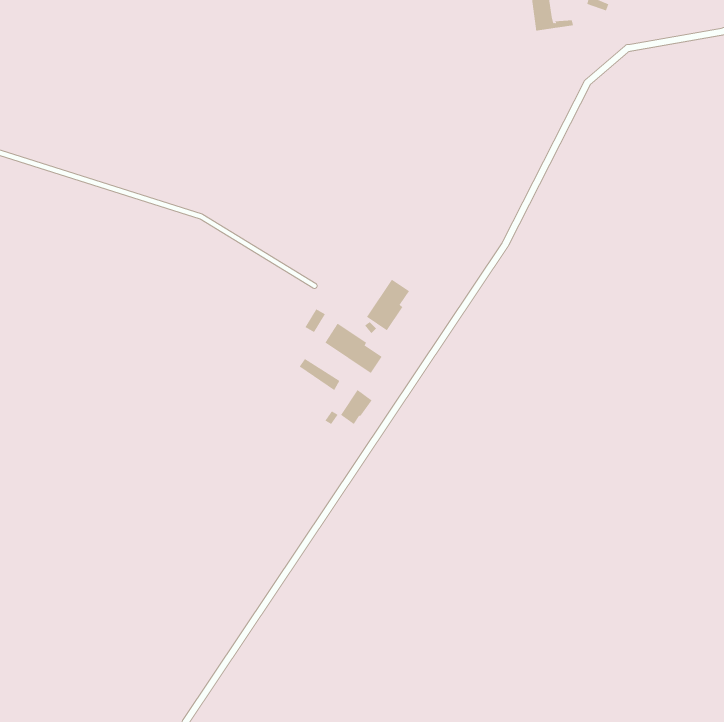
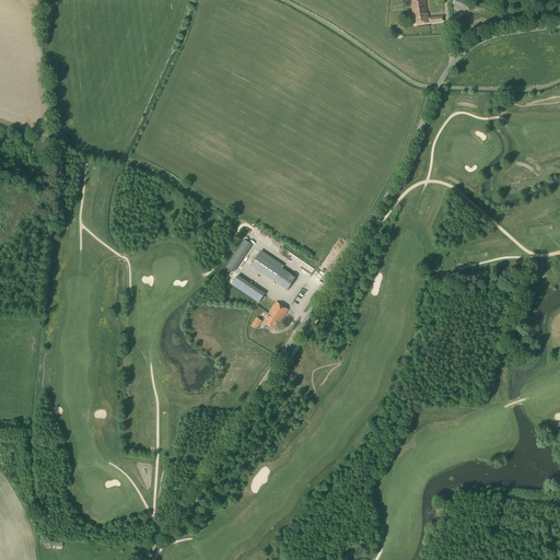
building: [366,279,410,331] -> none

